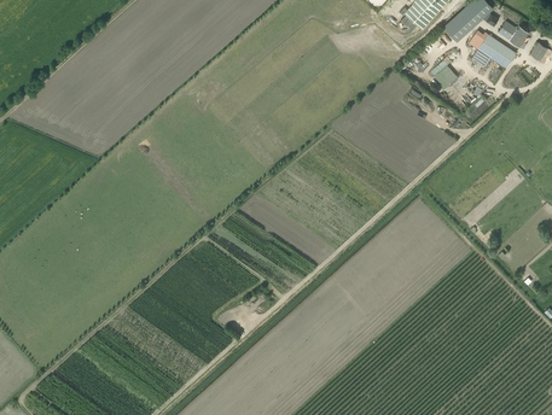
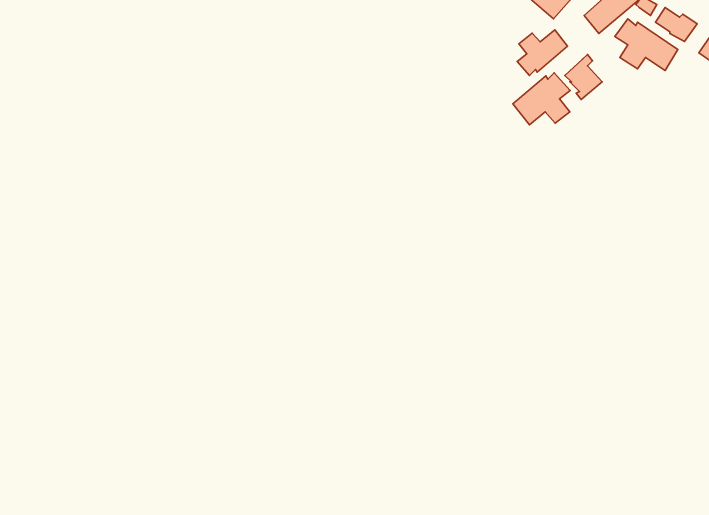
building: none -> [517,30,568,75]
building: none -> [513,73,570,125]

